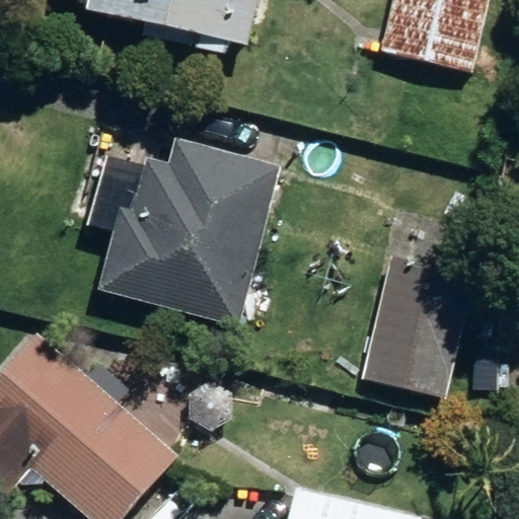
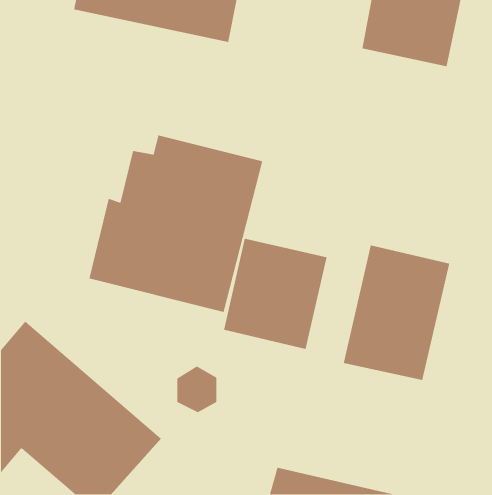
building: none -> [223,238,327,350]

